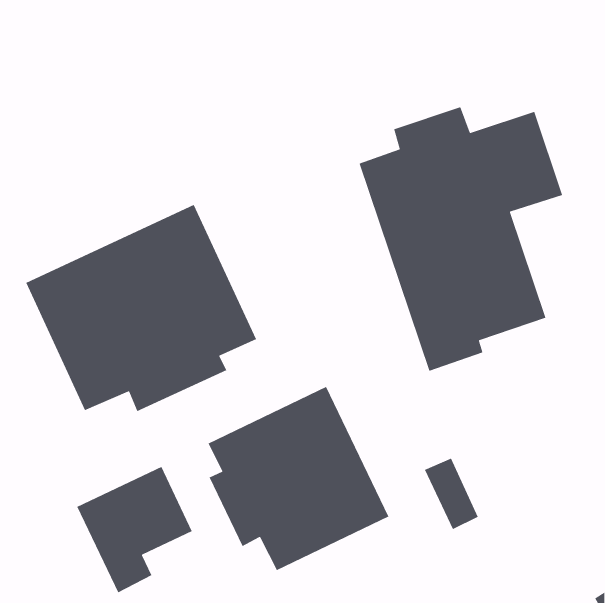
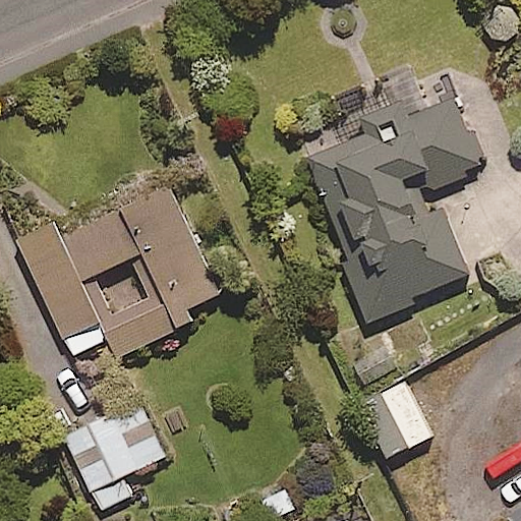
building: [207,386,389,571] -> none

